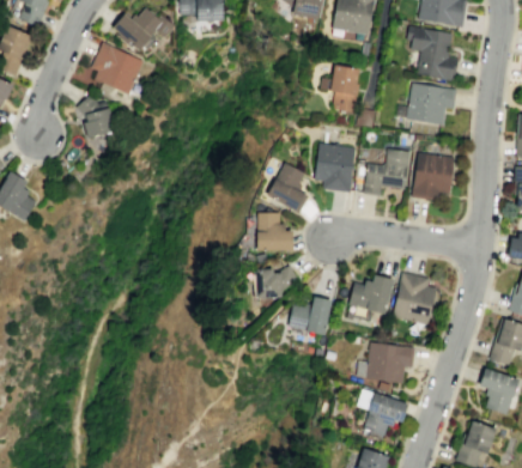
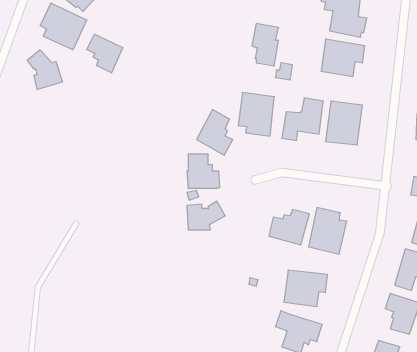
building: none -> [87,34,123,73]
building: [289,296,332,335] -> none

